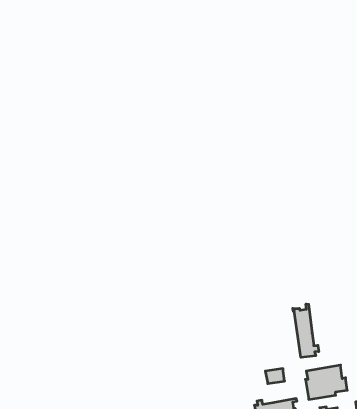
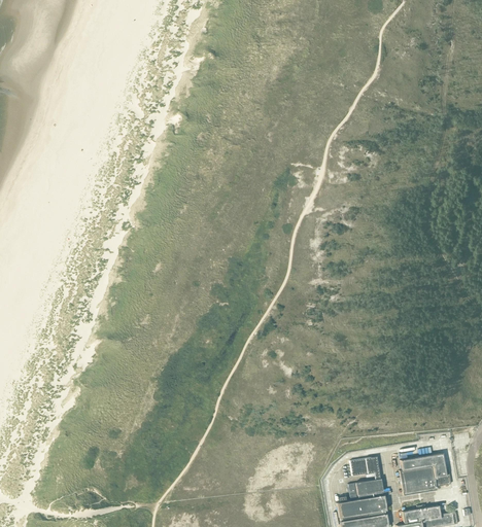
building: [293,304,319,357] -> none
building: none -> [356,480,391,500]

